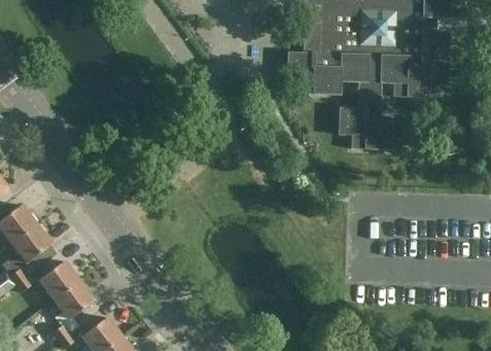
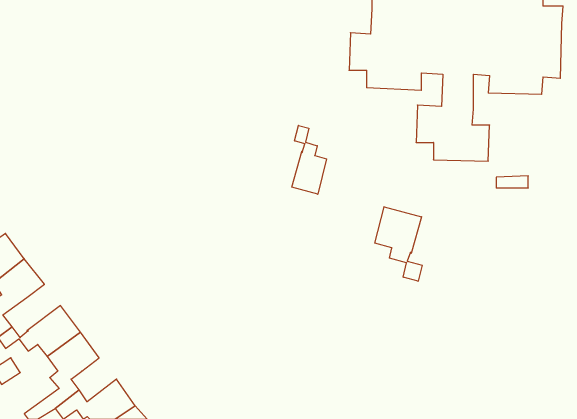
building: none -> [292,125,327,194]
building: none -> [375,207,422,281]

